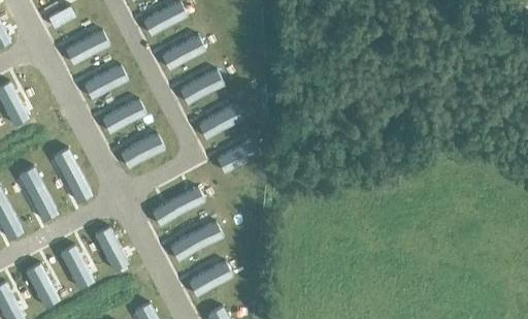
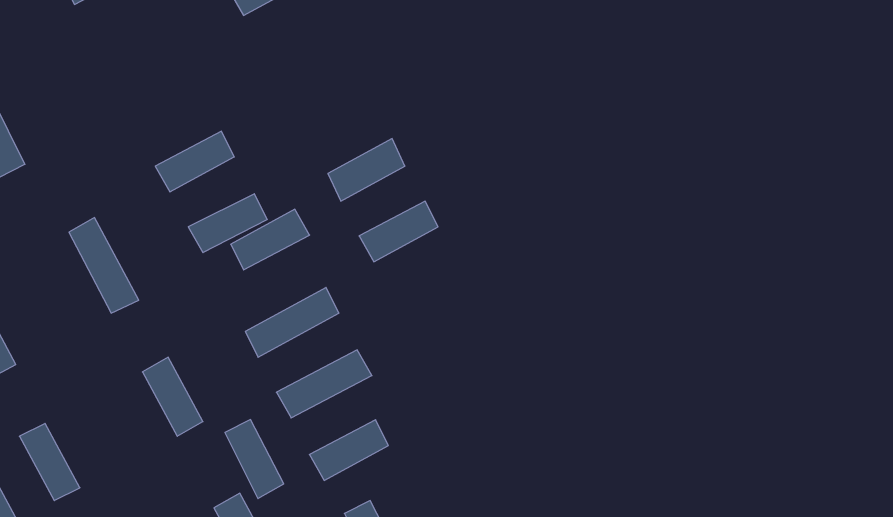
building: [65,29,109,63] -> none
building: [161,34,205,68] -> none
building: [84,64,128,98] -> none
building: [179,68,224,102] -> [231,209,310,270]
building: [19,165,57,219] -> none
building: [60,244,93,288] -> [225,420,284,499]

